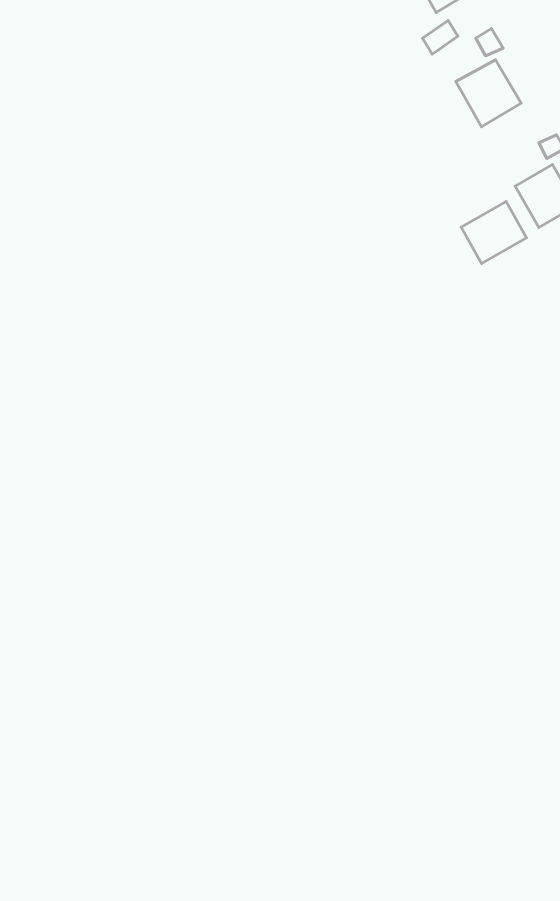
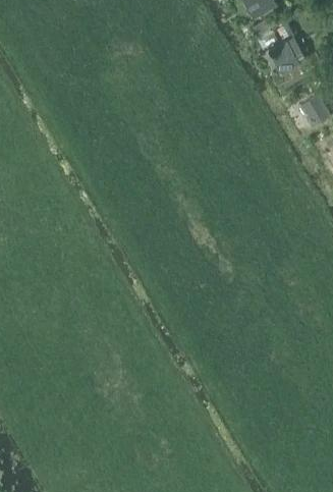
building: [461,201,526,263] -> none

